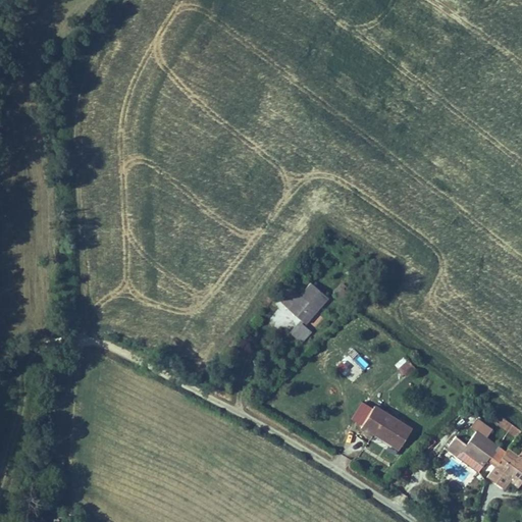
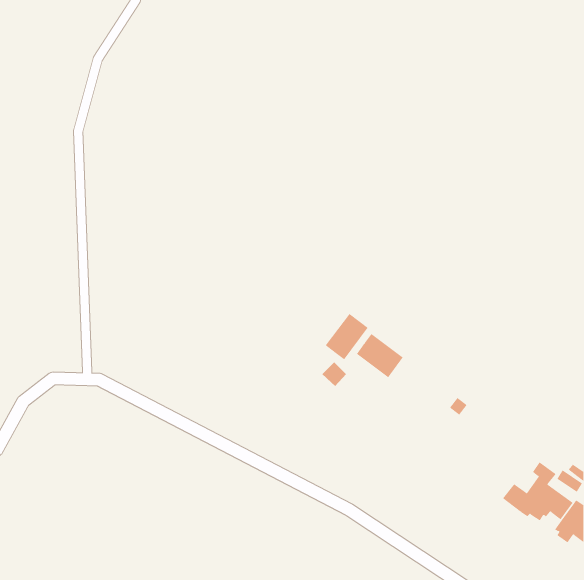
building: none -> [356,333,404,378]
building: [360,405,413,450] -> none

